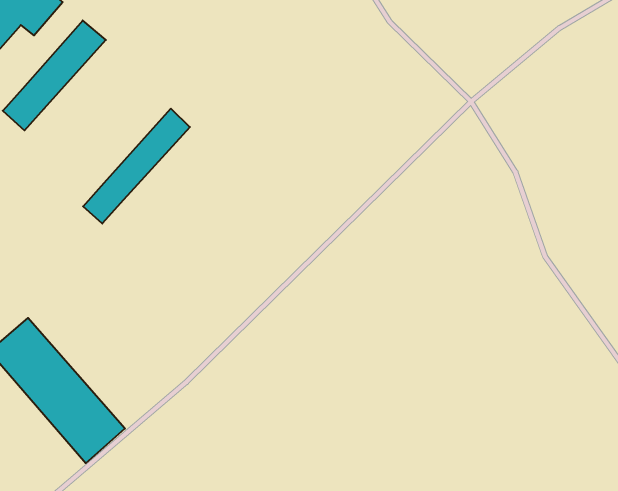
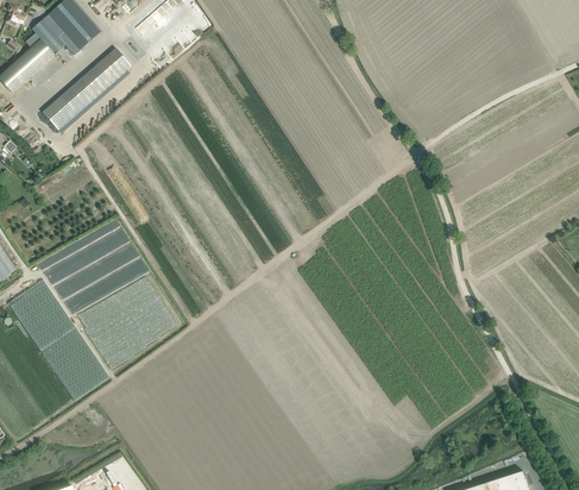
building: [83,109,190,224] -> none

